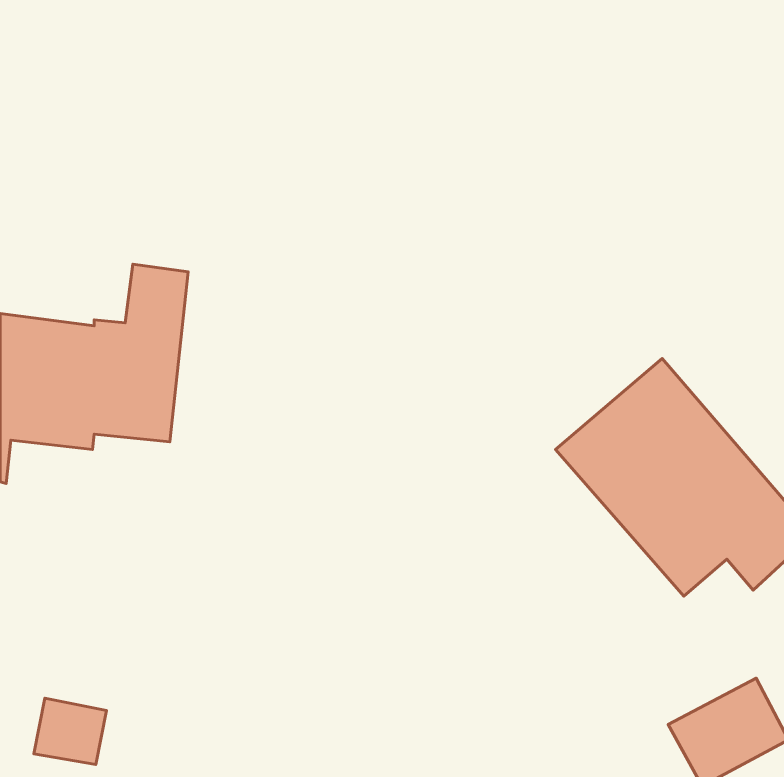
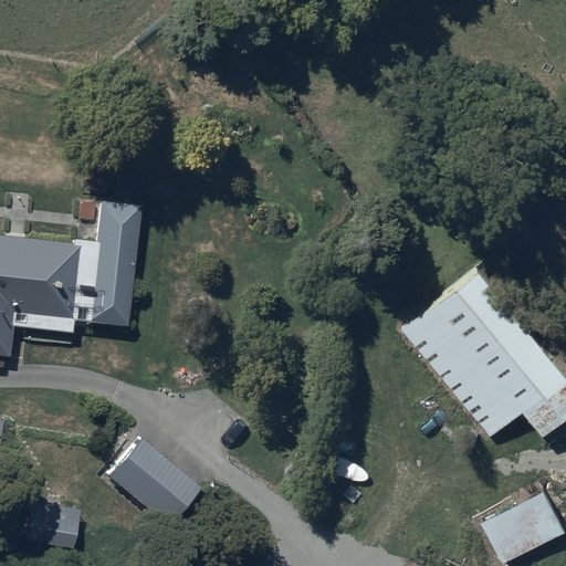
building: none -> [109,442,205,534]

